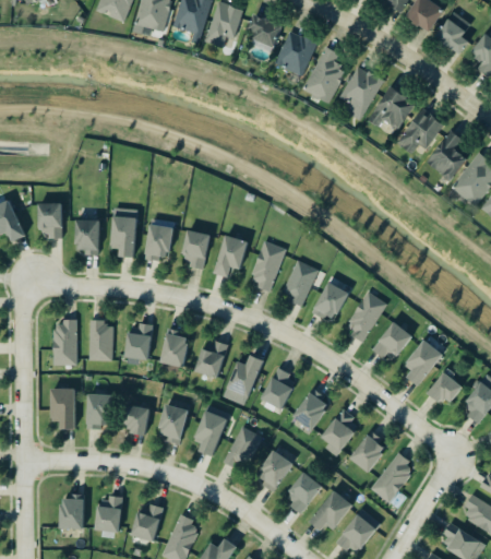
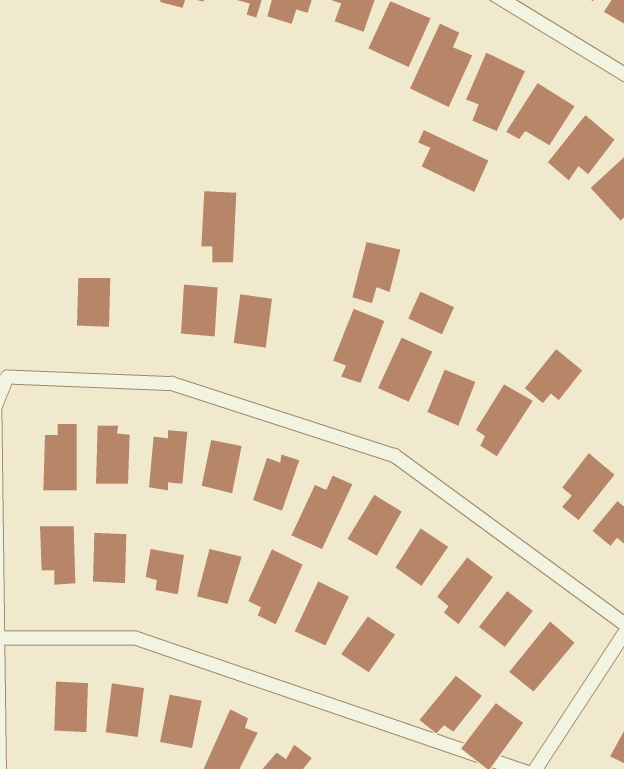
building: none -> [417,129,489,193]
building: [37,203,62,238] -> none
building: [111,207,136,257] -> [200,191,237,263]
building: none -> [407,291,455,335]
building: [214,235,248,277] -> [352,241,401,304]
building: [372,321,412,359] -> [524,348,583,404]
building: [283,472,323,513] -> none

